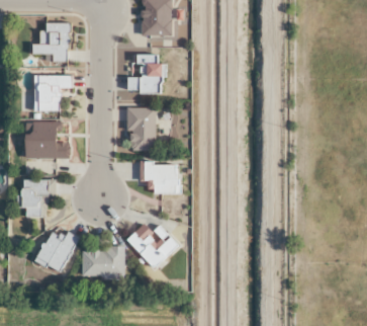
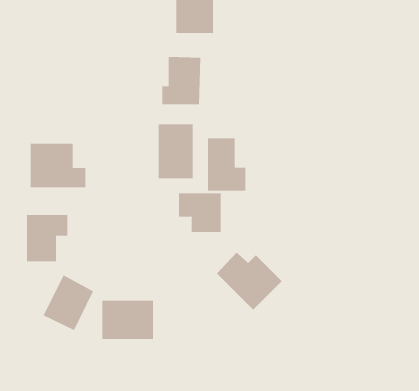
building: [30,22,70,60] -> none
building: [33,75,71,112] -> none
building: none -> [208,138,246,192]
building: [126,223,179,269] -> [216,252,283,311]

